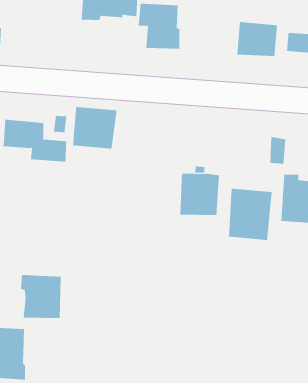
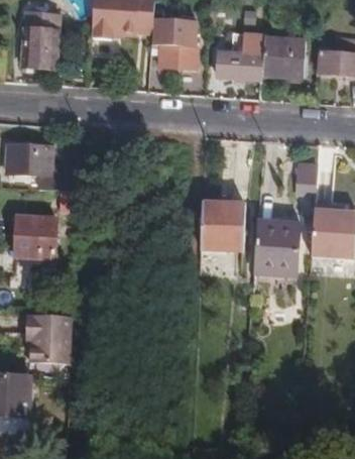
building: none -> [23,25,58,68]
building: none -> [217,29,265,77]
building: [73,106,117,149] -> none
building: none -> [14,216,55,257]

